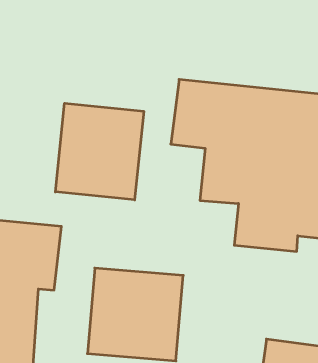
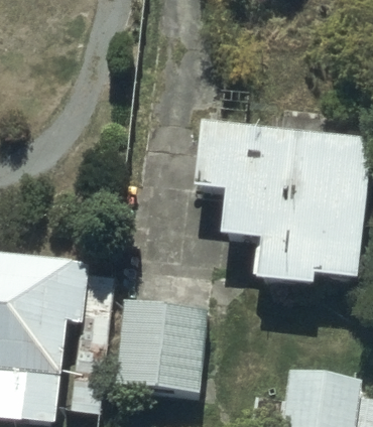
building: [55,103,144,200] -> none

